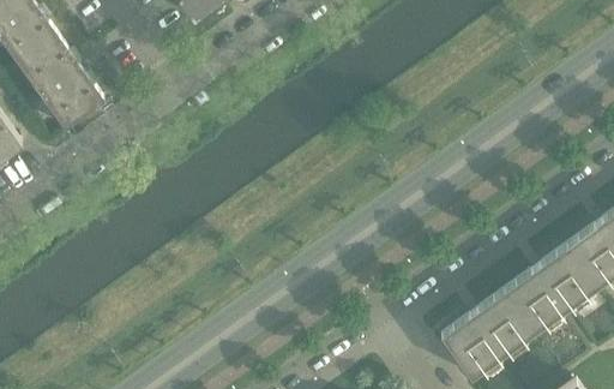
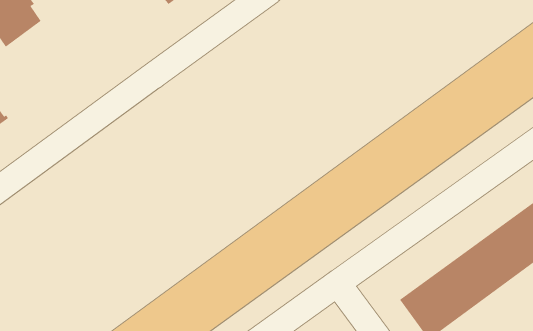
building: [18,37,103,131] -> none

